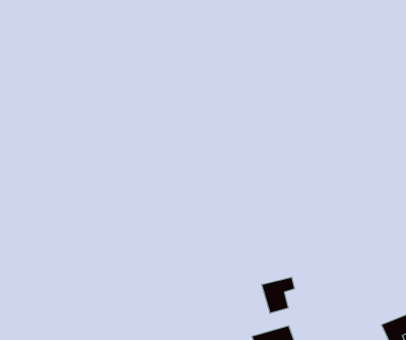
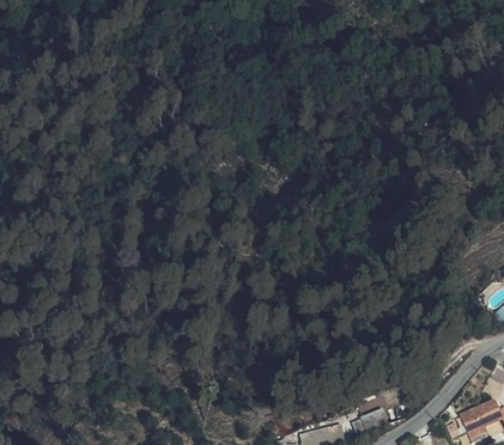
building: [262,277,295,313] -> none

